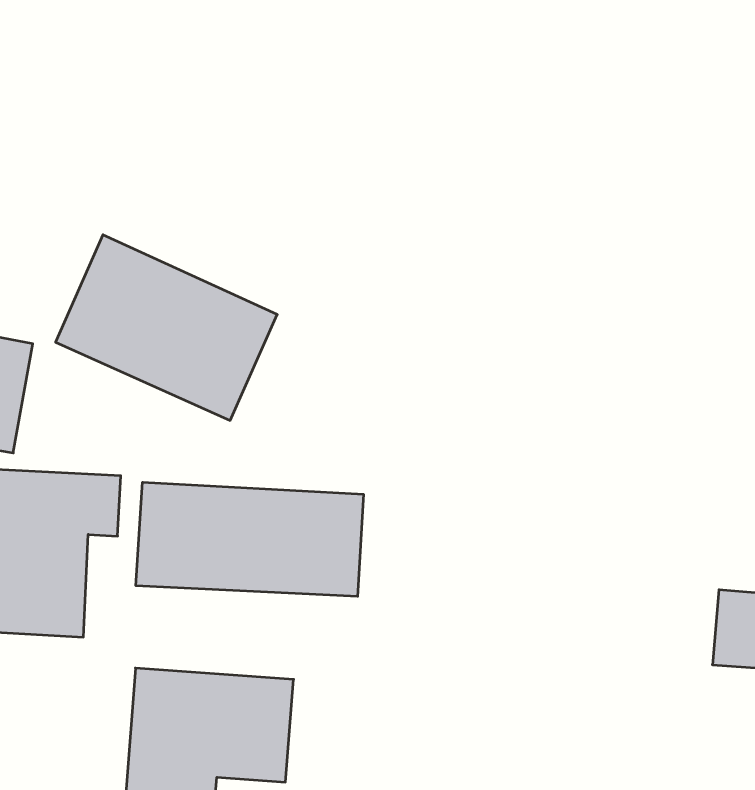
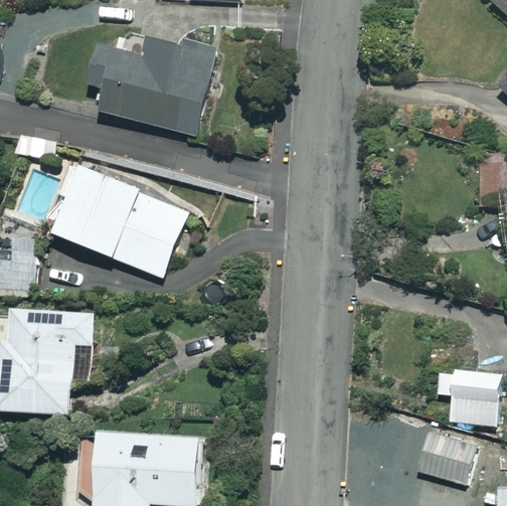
building: none -> [84,31,215,139]
building: [136,482,363,596] -> none
building: none -> [410,431,473,487]

